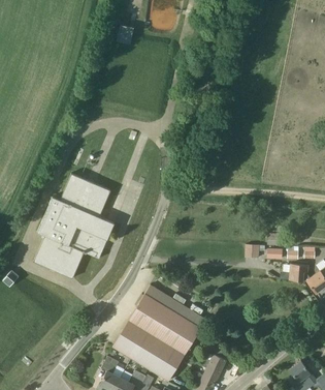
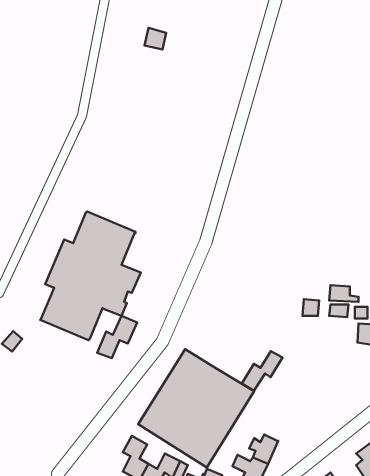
building: none -> [97,316,137,358]
building: none -> [242,351,283,391]

